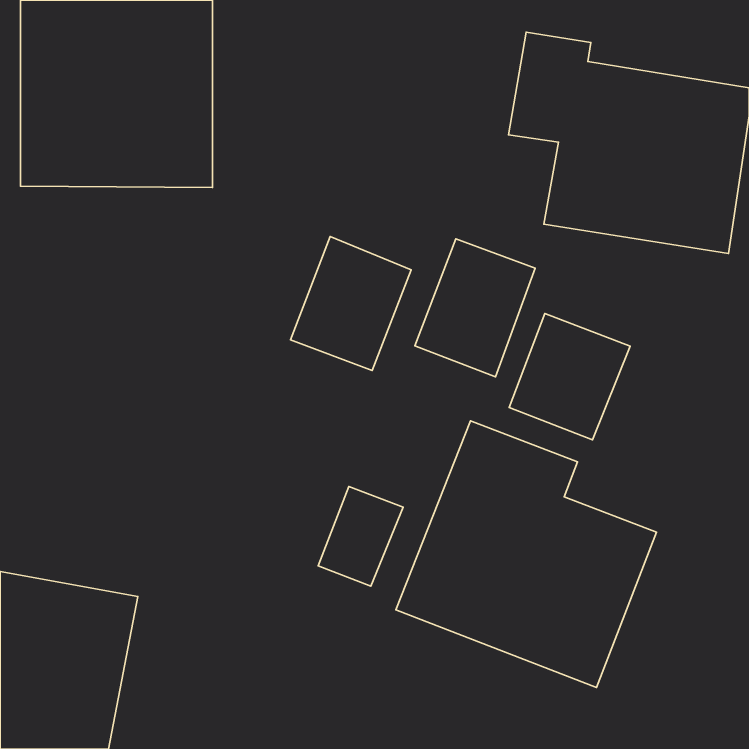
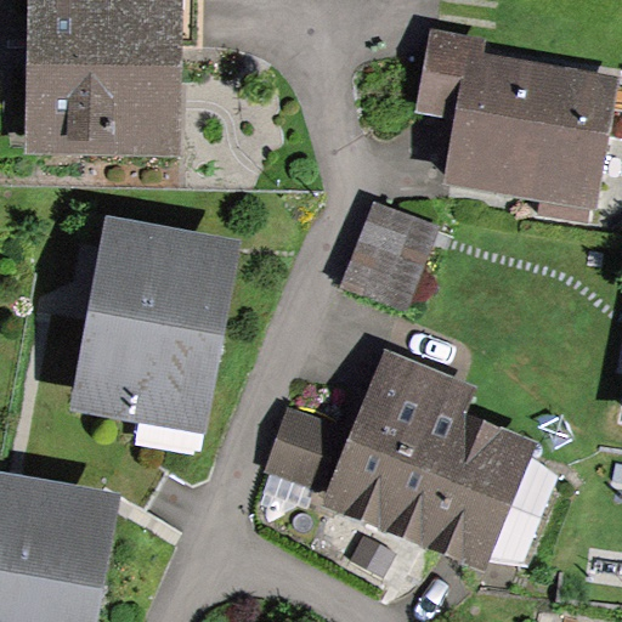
building: [291,236,411,371] -> none
building: none -> [61,217,234,435]
building: [509,314,630,440] -> none

